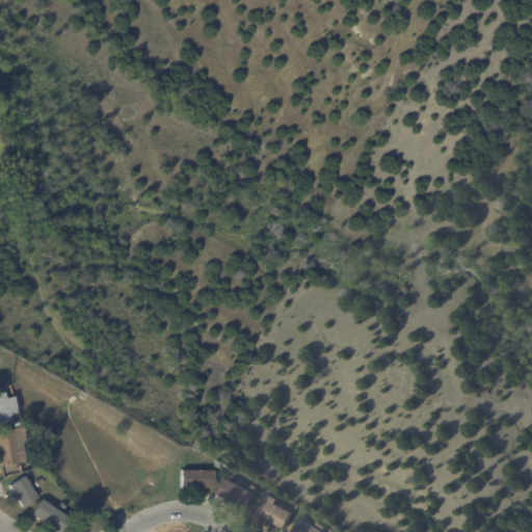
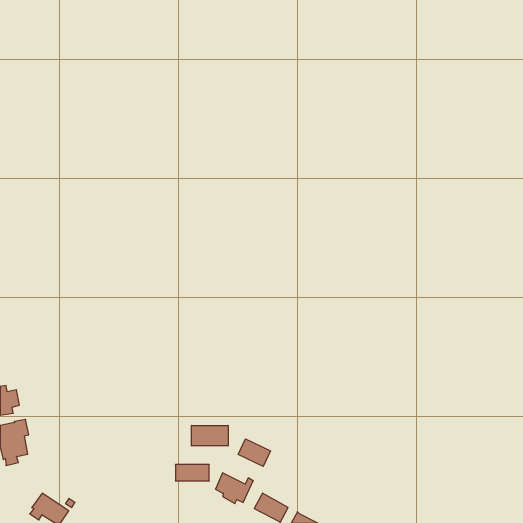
building: none -> [192,425,228,446]
building: none -> [238,439,271,466]
building: [7,474,38,506] -> none

